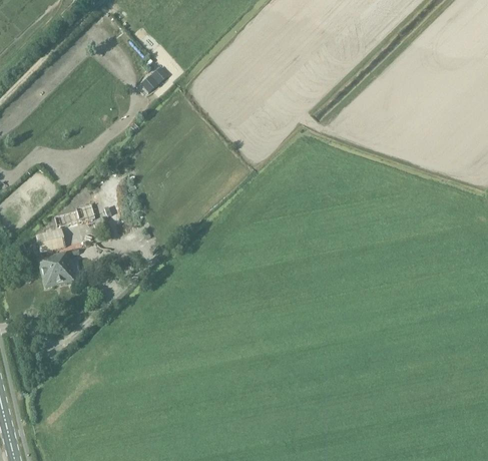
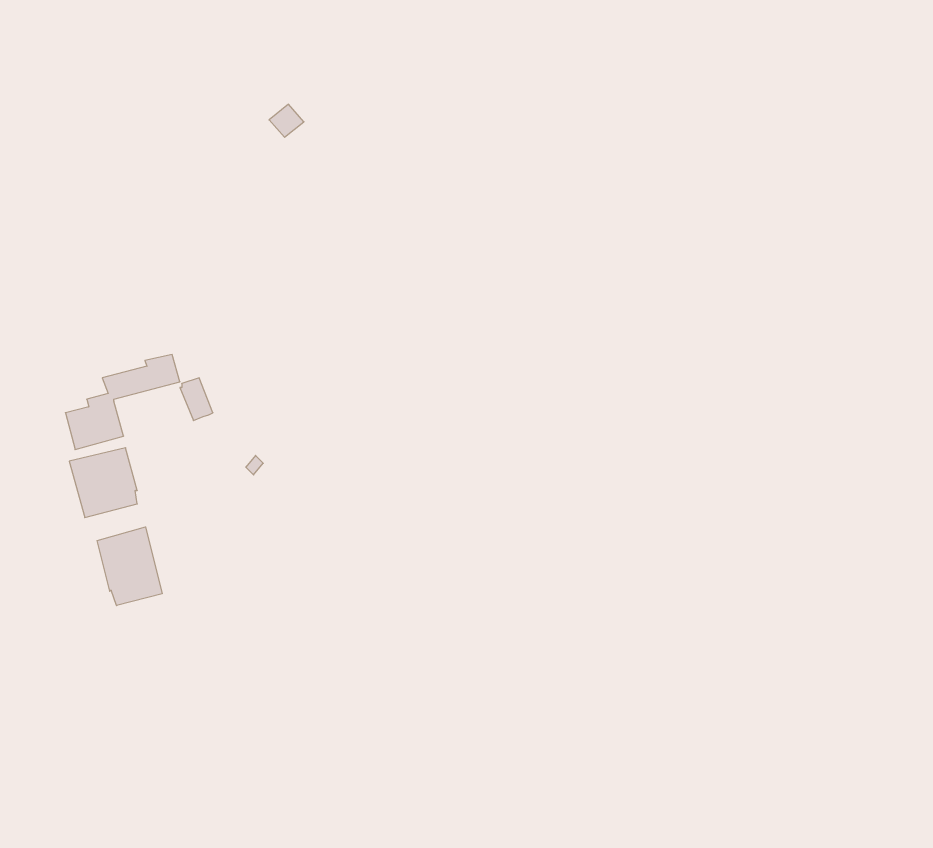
building: none -> [97,527,162,606]

